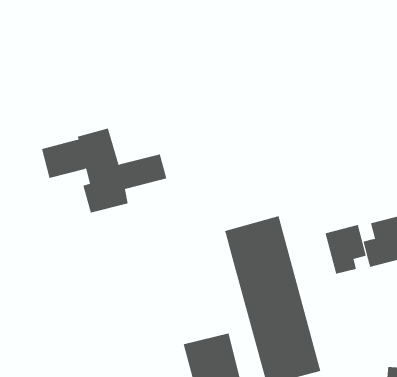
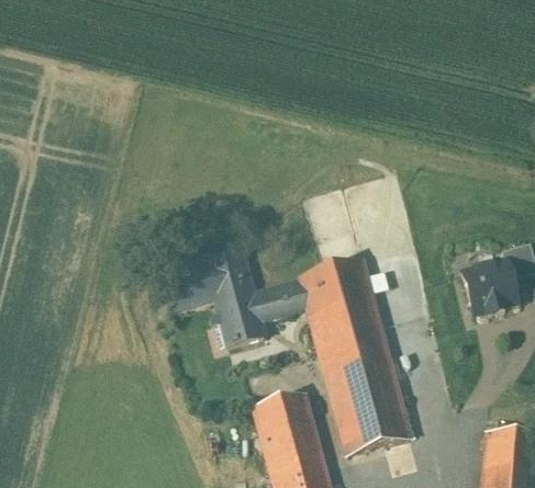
building: [41,128,167,213] -> [165,250,309,348]
building: [325,224,366,275] -> none

